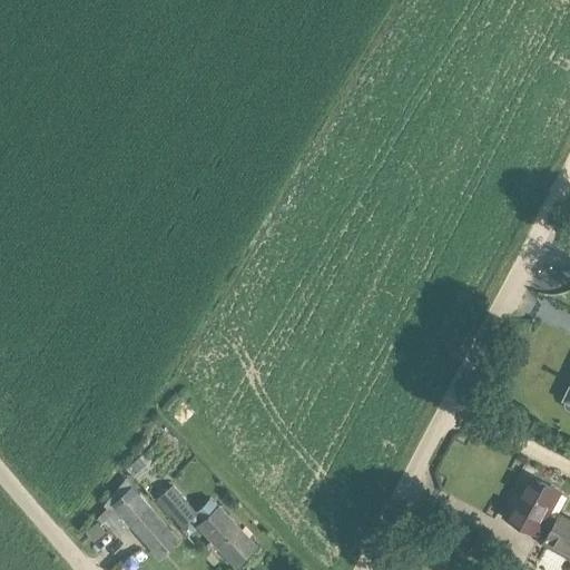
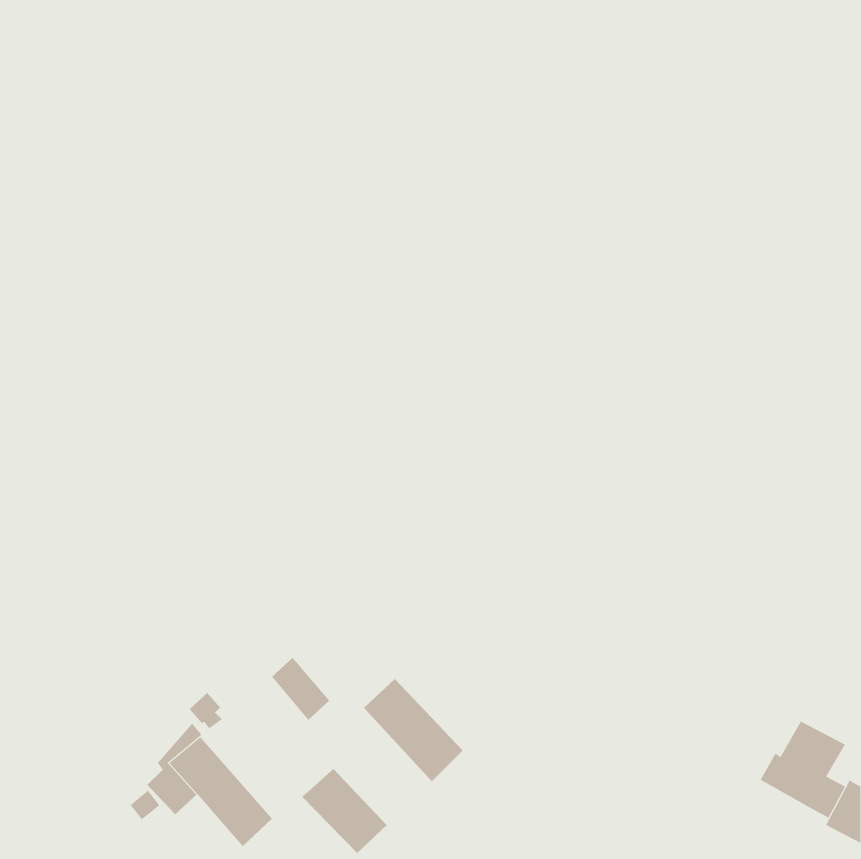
building: none -> [363,678,463,782]
building: [158,485,197,528] -> [271,657,330,721]

